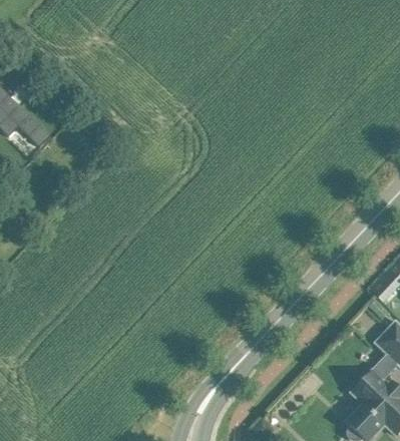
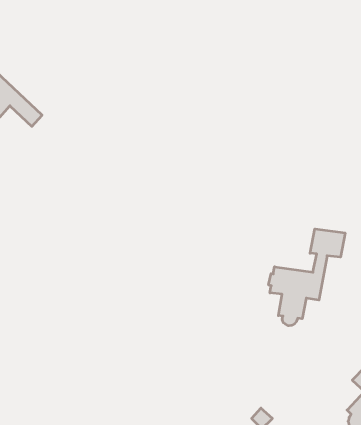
building: none -> [269,229,345,326]

